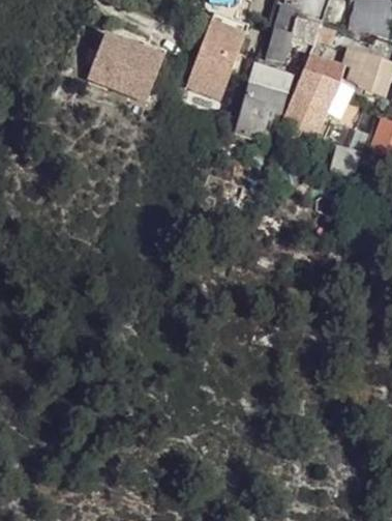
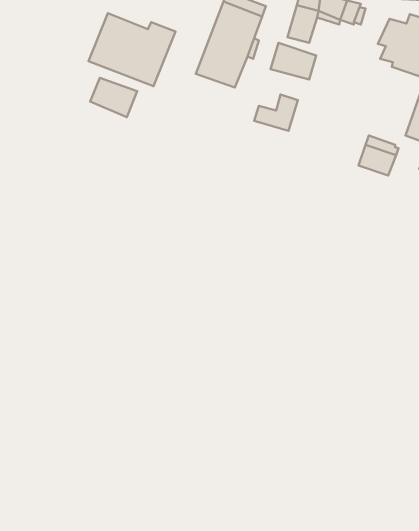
building: [282,54,344,141] -> none
building: [239,85,284,122] -> none
building: none -> [90,78,137,117]

